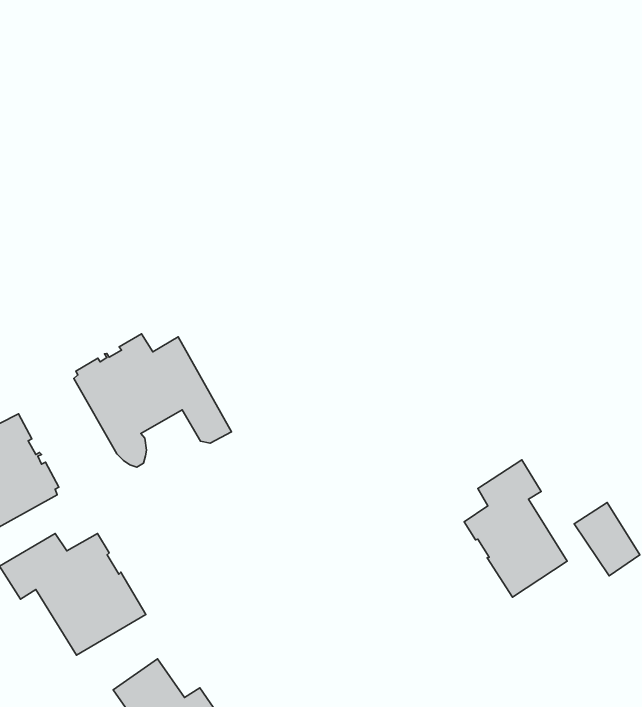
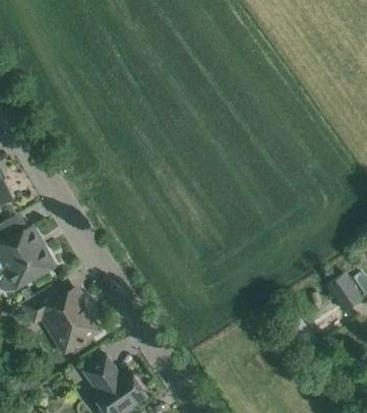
building: [74,334,232,467] -> none
building: [464,460,567,597] -> none

